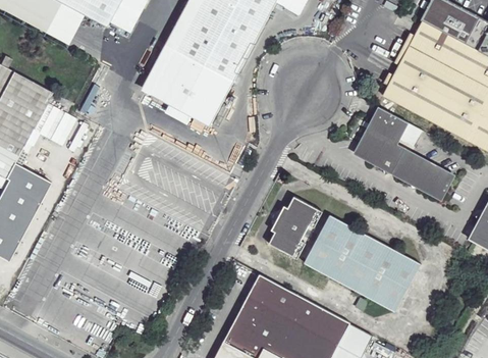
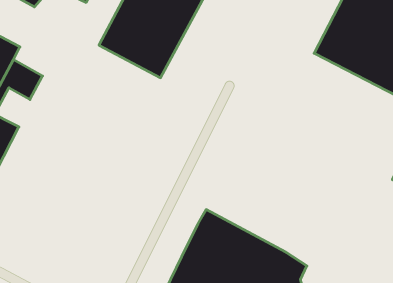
building: [355,106,456,202] -> none
building: [268,195,323,258] -> none
building: [304,216,420,309] -> none

